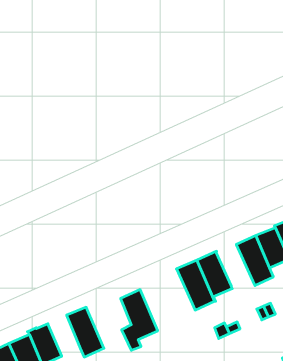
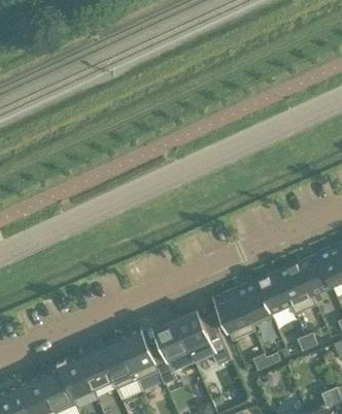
building: none -> [255,272,292,315]
building: none -> [175,310,232,364]
building: none -> [118,328,159,381]
building: none -> [78,346,112,389]

